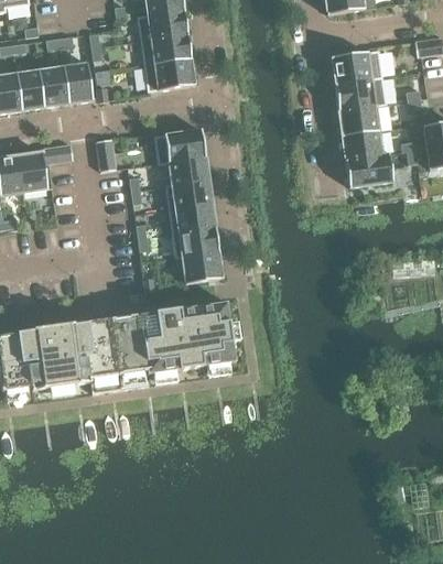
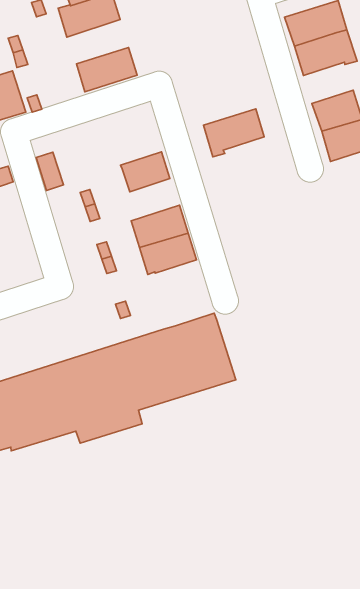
building: [140,34,192,66] -> none
building: [338,104,379,134] -> none
building: [154,129,205,164] -> [203,109,264,157]
building: [165,178,213,209] -> none
building: [182,252,223,283] -> none

